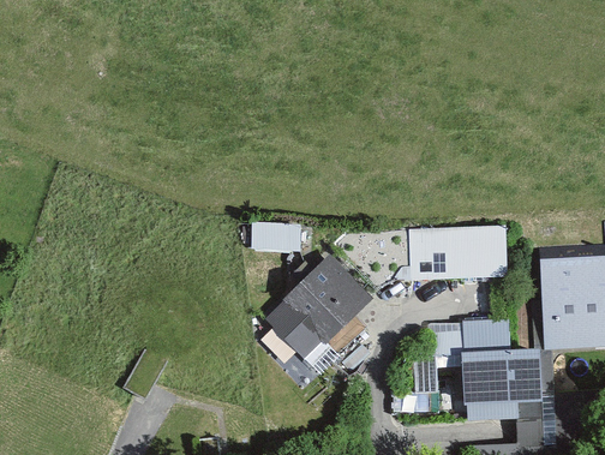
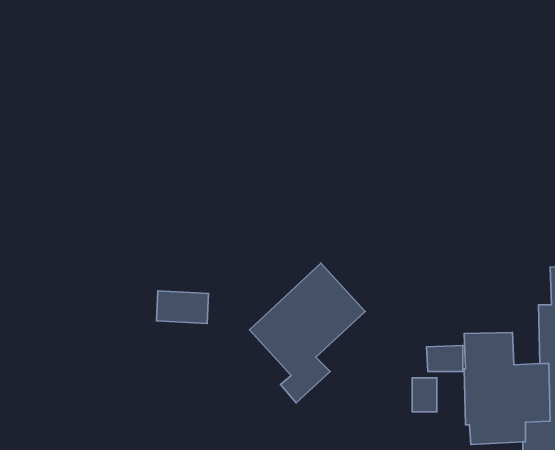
building: [251,223,299,253] -> [156,291,209,323]
building: [408,224,507,280] -> none

